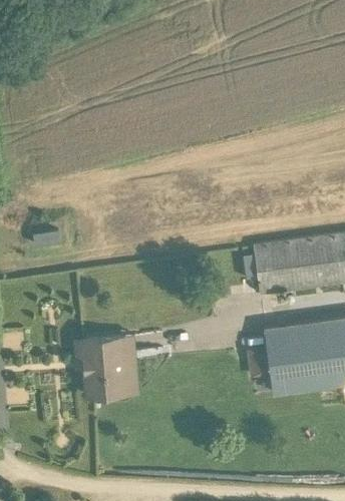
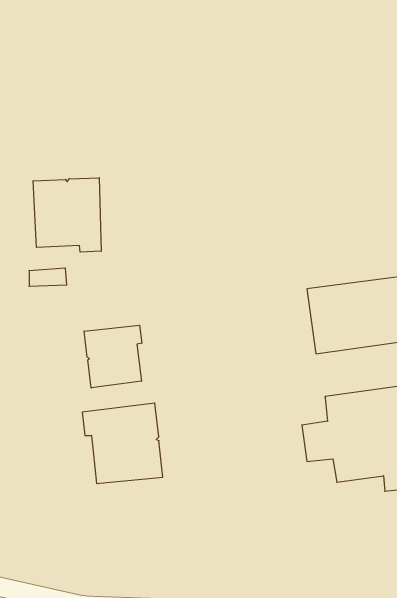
building: none -> [33,178,101,252]
building: none -> [84,325,142,388]

